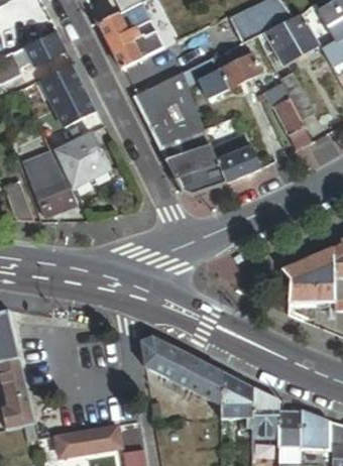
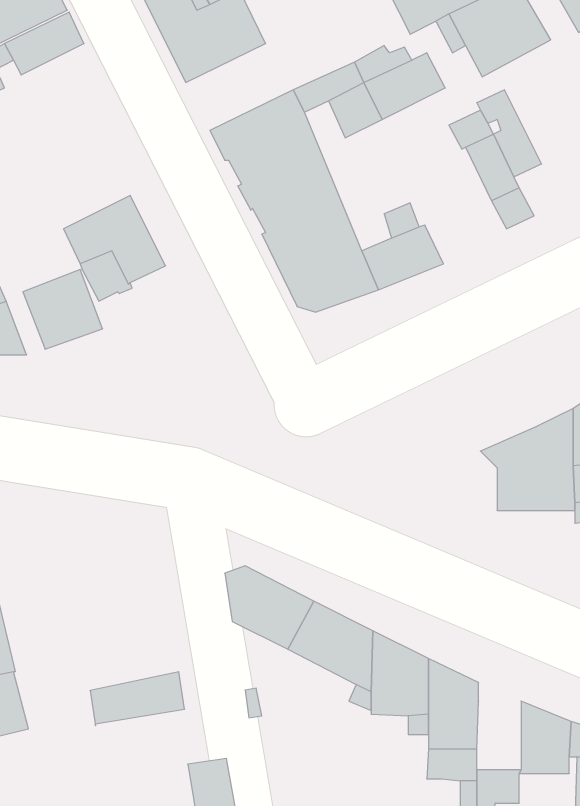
building: [39,64,95,128] -> none
building: [24,150,64,185] -> none
building: [278,407,303,445] -> none
building: [68,423,119,452] -> [90,672,185,726]

